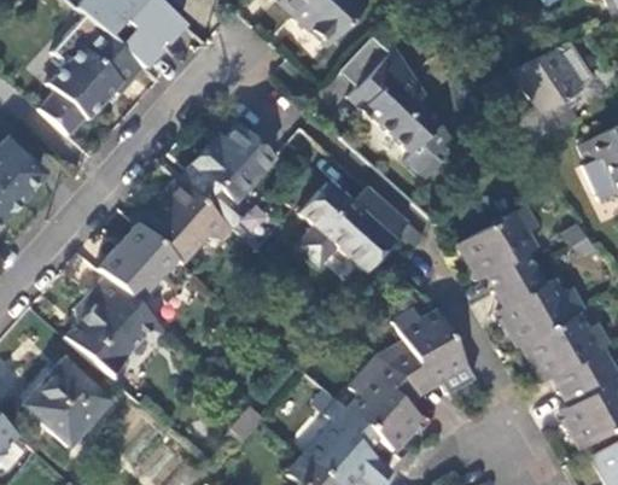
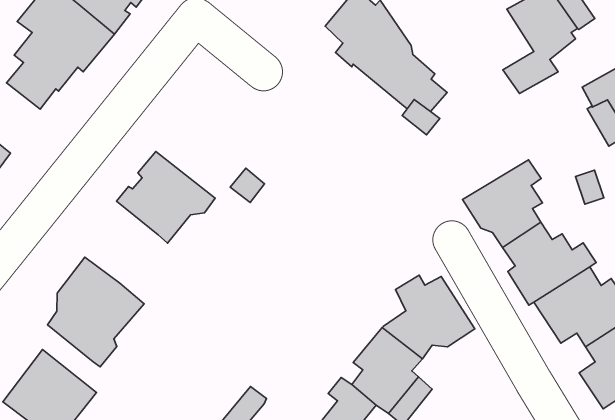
building: [180,129,269,226] -> none
building: [298,185,403,267] -> none
building: [94,226,173,303] -> none

